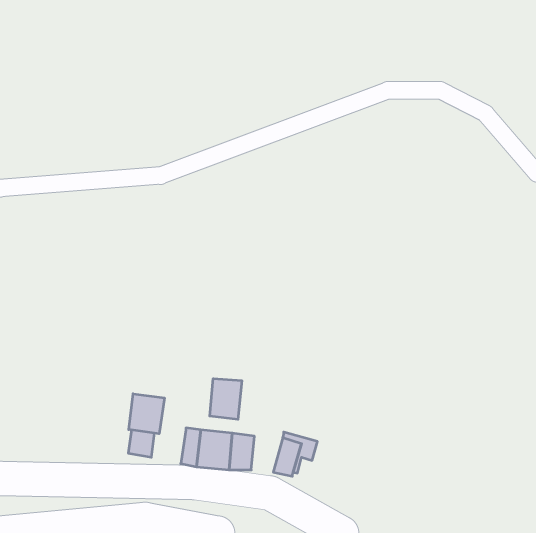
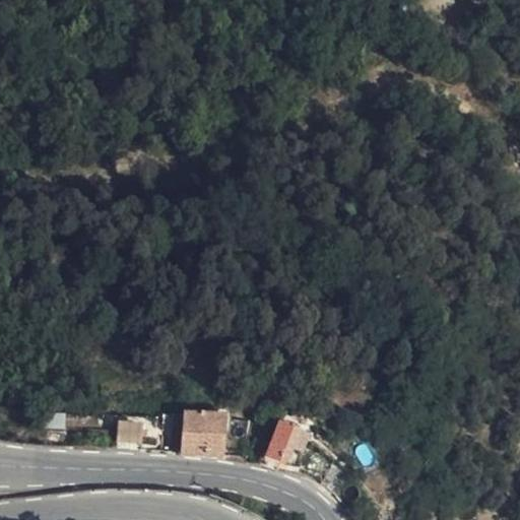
building: [210,379,242,419] -> none
building: [129,394,164,434] -> none

